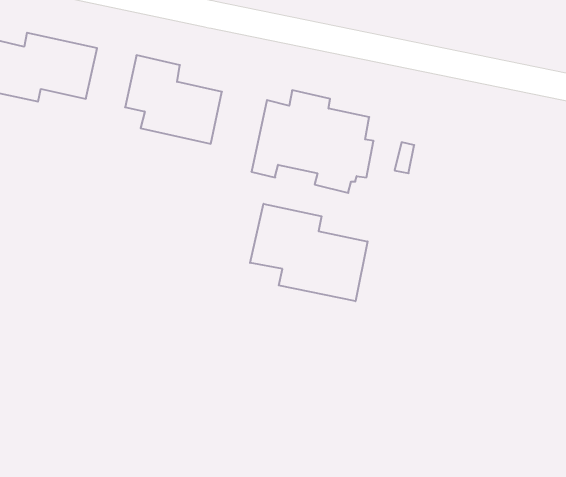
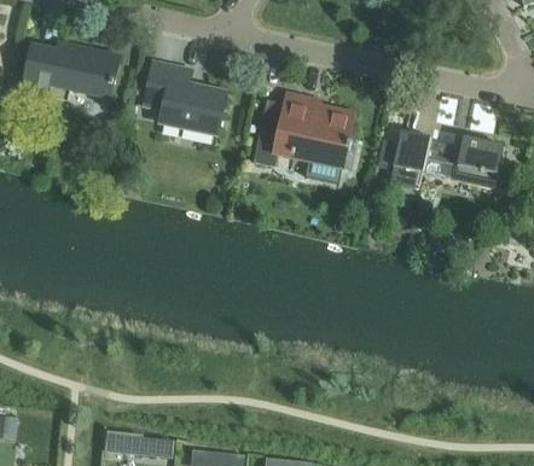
building: none -> [390,128,506,187]
building: [250,204,368,301] -> none

